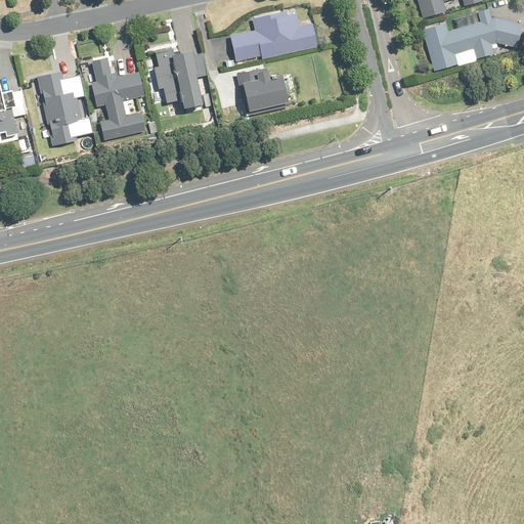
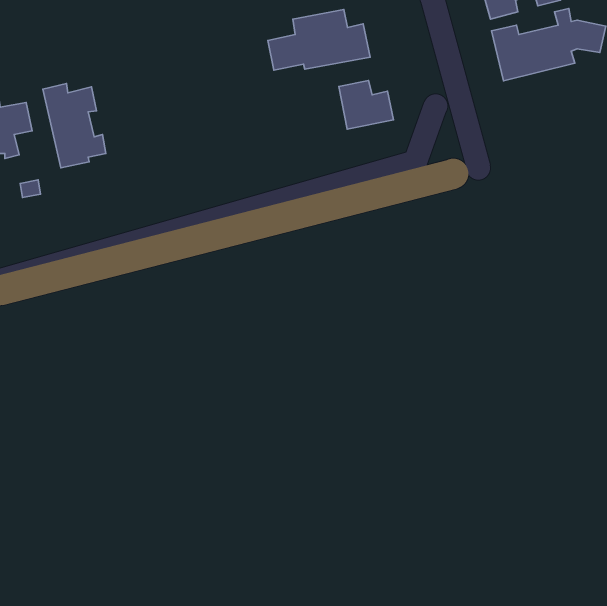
building: [144,45,202,107] -> none
building: [90,57,145,139] -> none
building: [241,68,288,110] -> [339,80,393,129]

